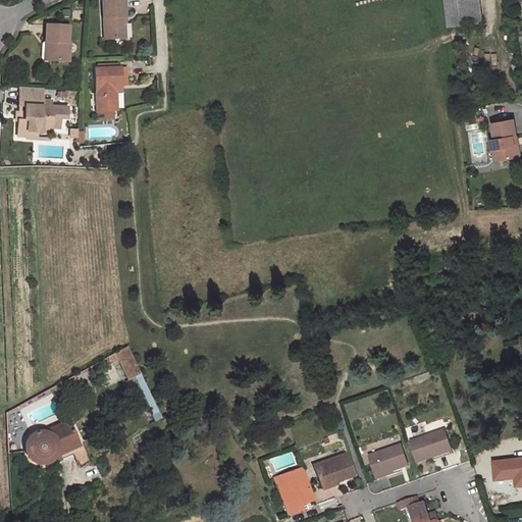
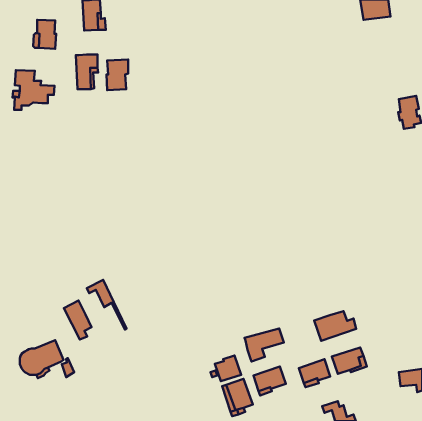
building: none -> [106,59,128,90]
building: none -> [64,301,91,340]
building: none -> [314,311,356,341]
building: none -> [245,328,284,361]
building: none -> [215,355,241,381]

